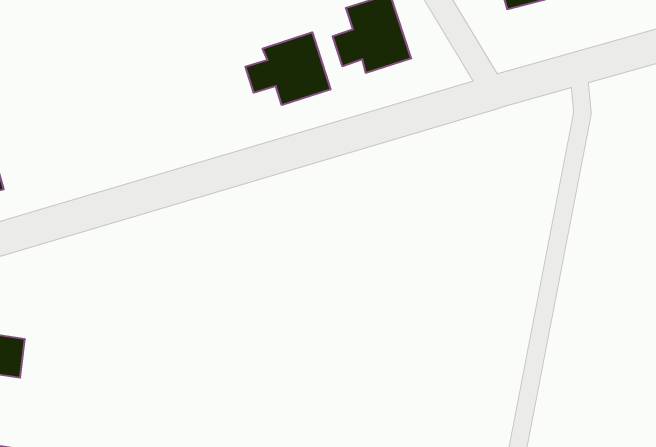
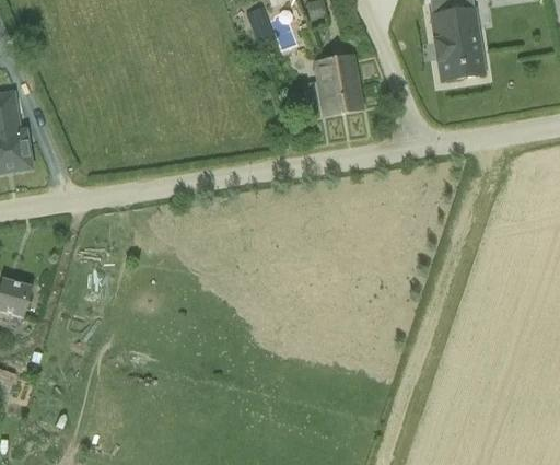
building: [245,32,330,105] -> none

